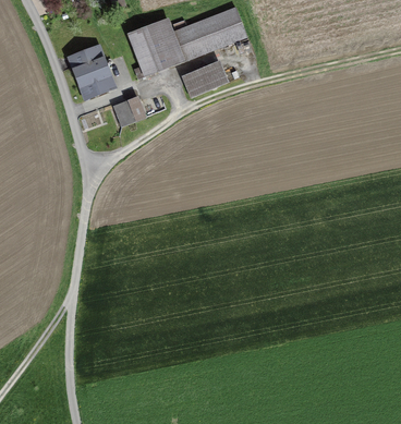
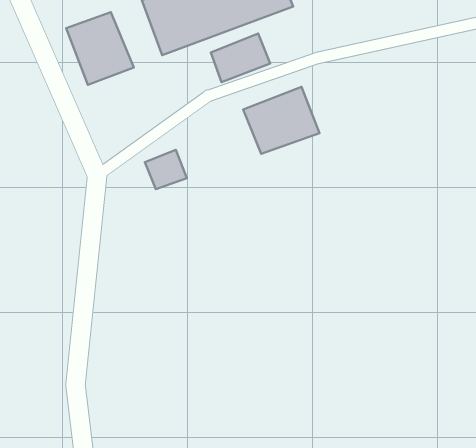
building: [113,97,147,129] -> [145,150,187,189]
building: none -> [243,87,319,154]

